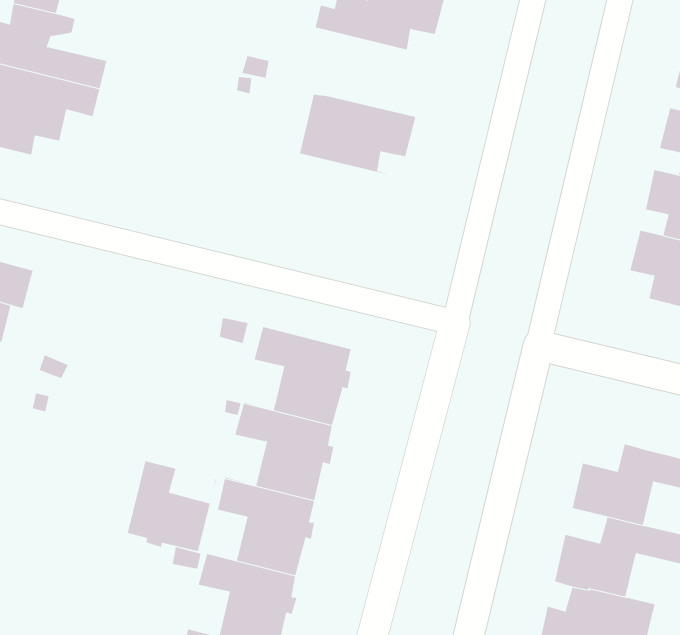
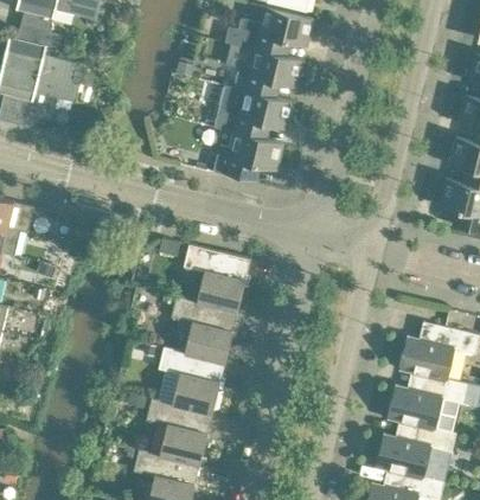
building: none -> [225,41,303,102]
building: none -> [213,127,283,181]
building: [127,461,216,552] -> none

